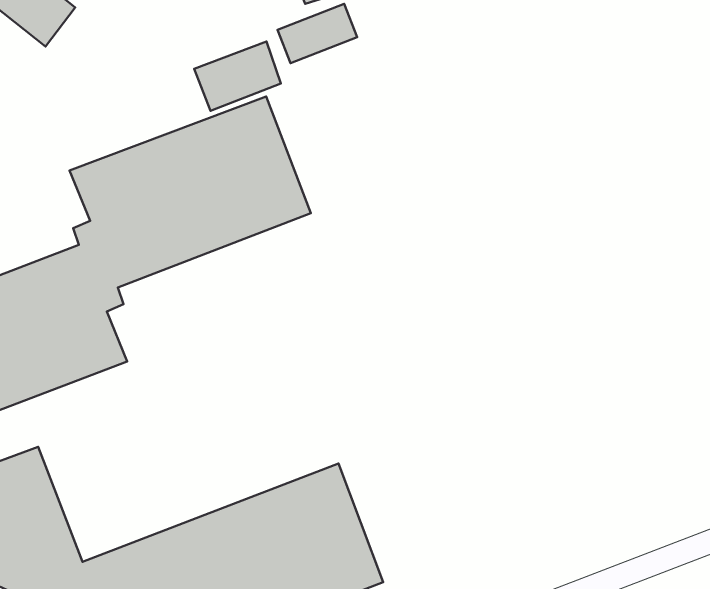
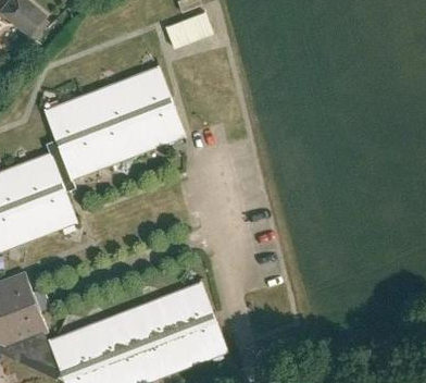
building: [194,42,281,111] -> none

